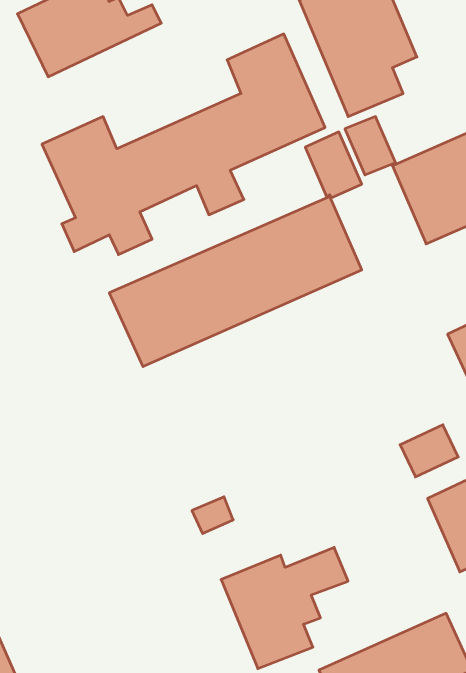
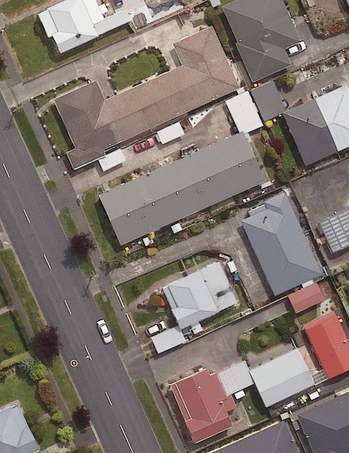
building: none -> [241,193,323,295]
building: none -> [161,261,239,328]
building: none -> [251,344,313,407]

